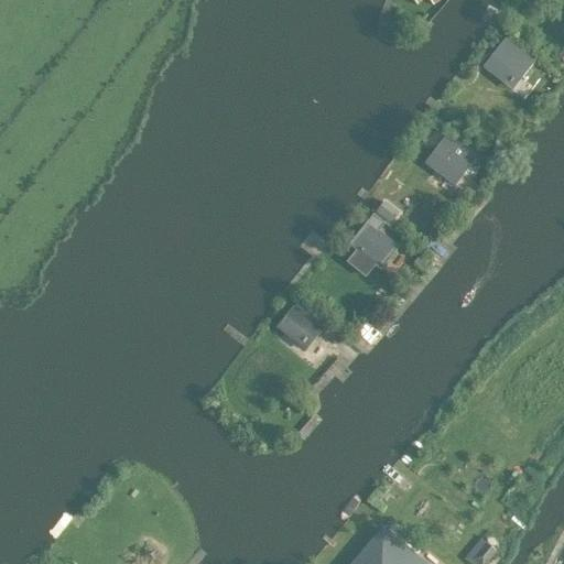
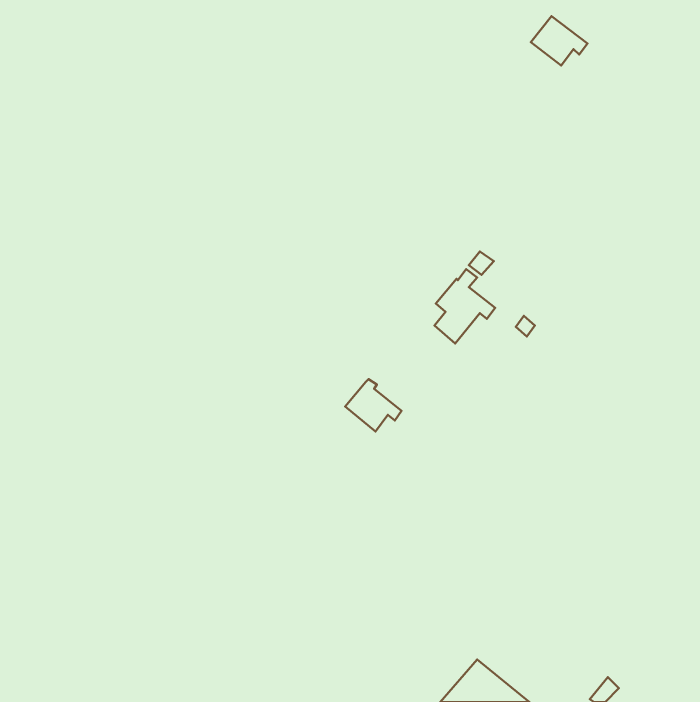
building: [484,46,529,86] -> [531,16,587,66]
building: [425,138,471,181] -> none

